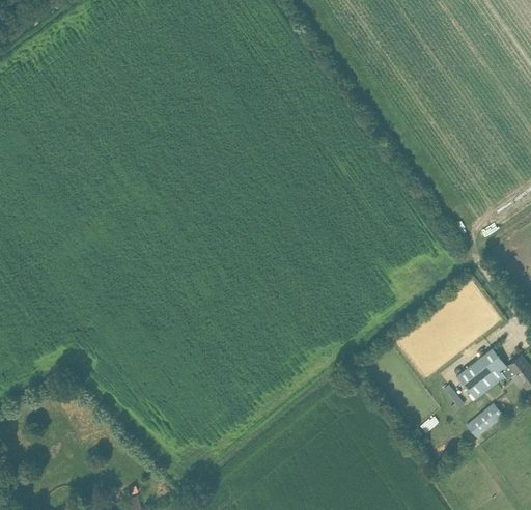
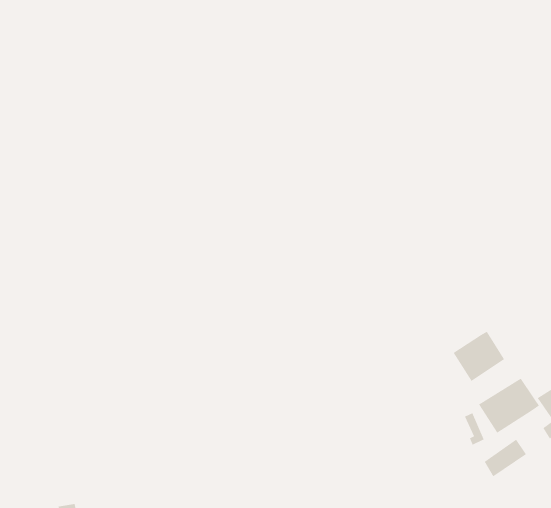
building: none -> [453,331,505,382]

